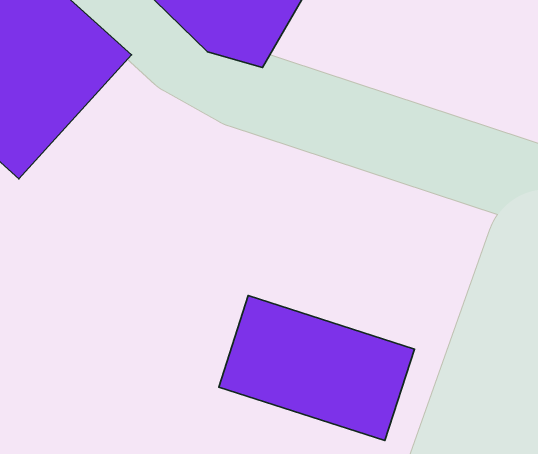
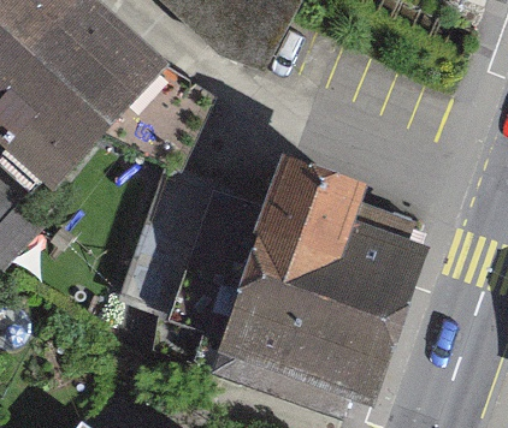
building: none -> [252,151,412,309]

